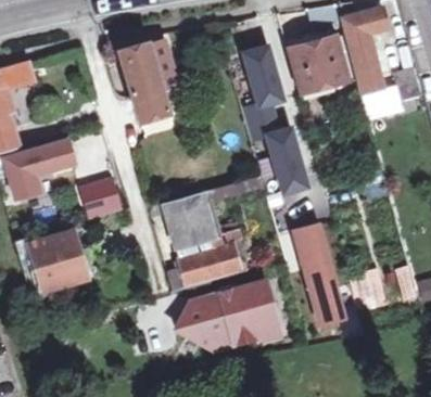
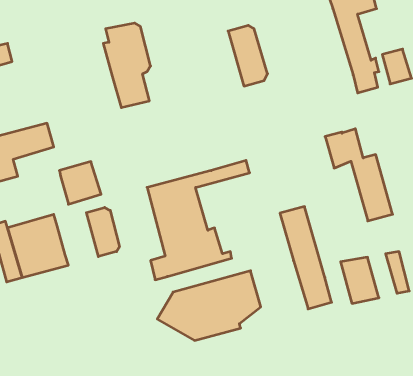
building: [287,35,348,94] -> none
building: [243,101,308,190] -> [325,129,393,221]
building: none -> [86,207,119,257]

